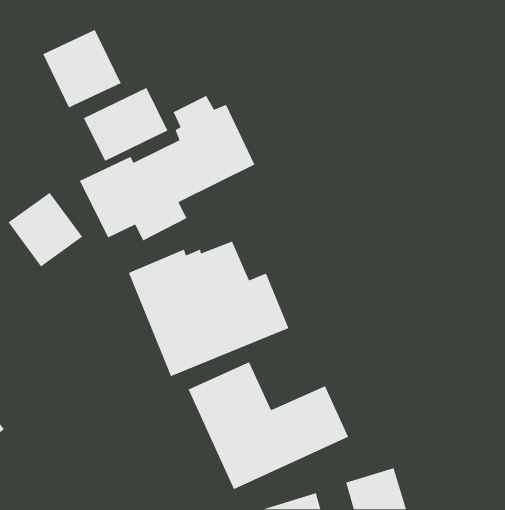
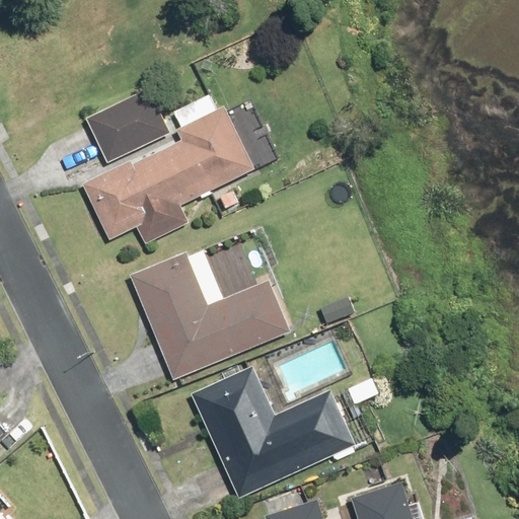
building: [42,29,122,109] -> none
building: [8,192,83,267] -> none

